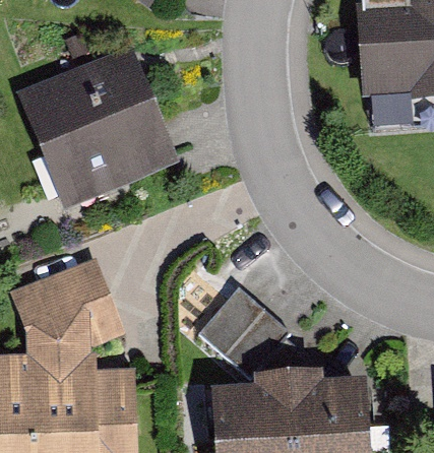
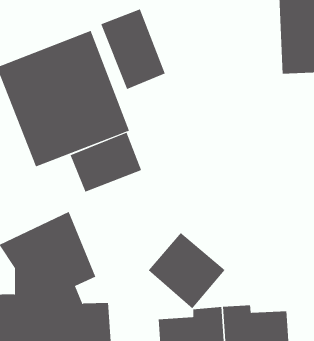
building: none -> [100,8,166,90]
building: none -> [70,132,142,193]

